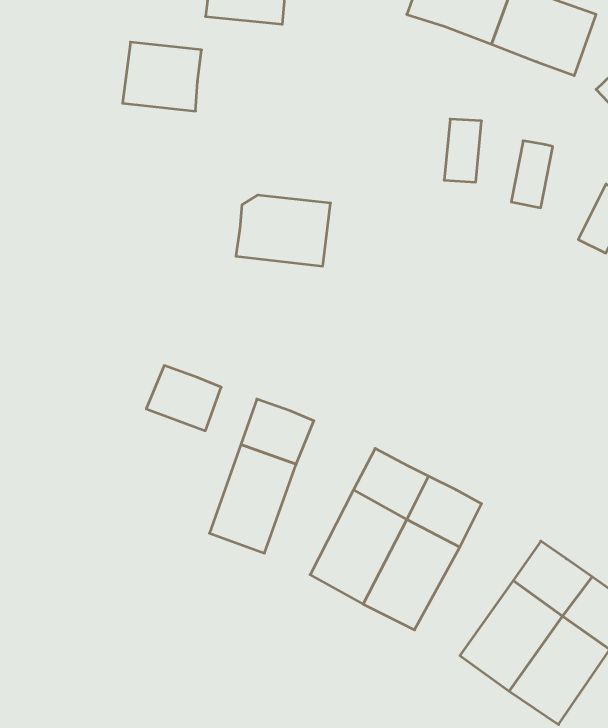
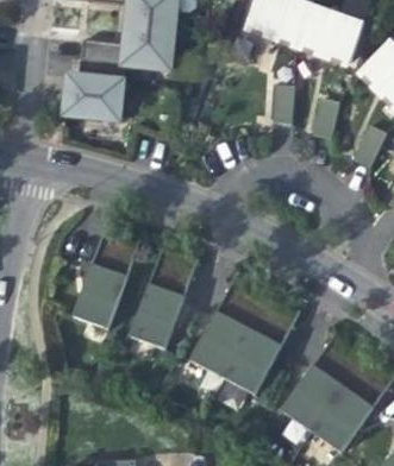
building: none -> [123,25,174,69]
building: [236,195,331,266] -> [64,77,121,120]
building: none -> [71,262,127,329]

